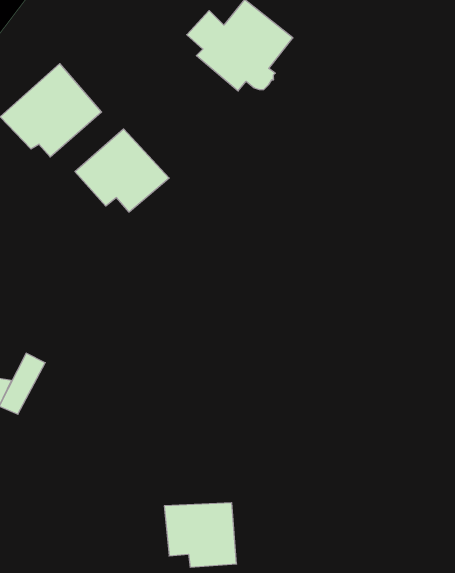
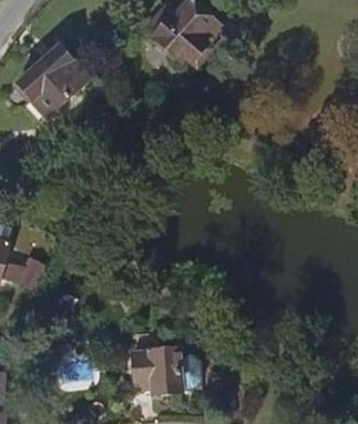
building: [75,129,169,212] -> none

